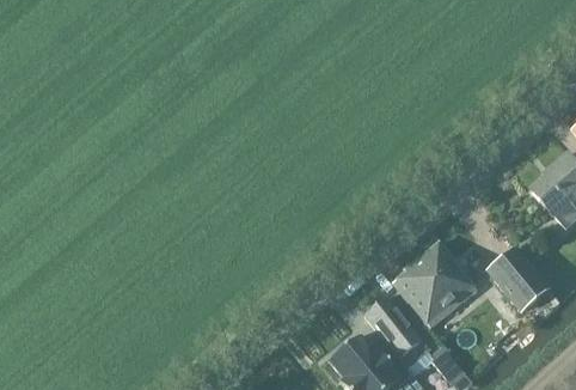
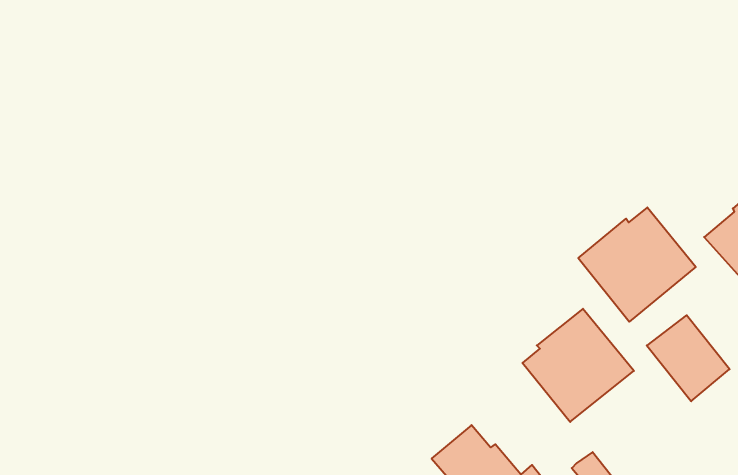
building: none -> [578,207,696,322]
building: [364,297,422,359] -> none

